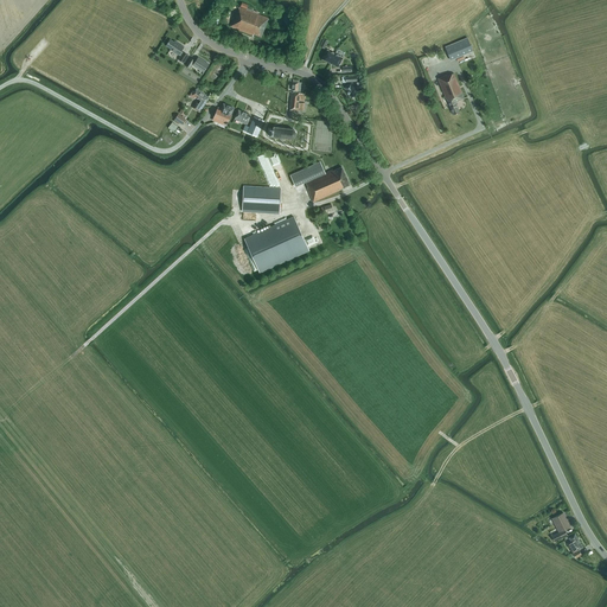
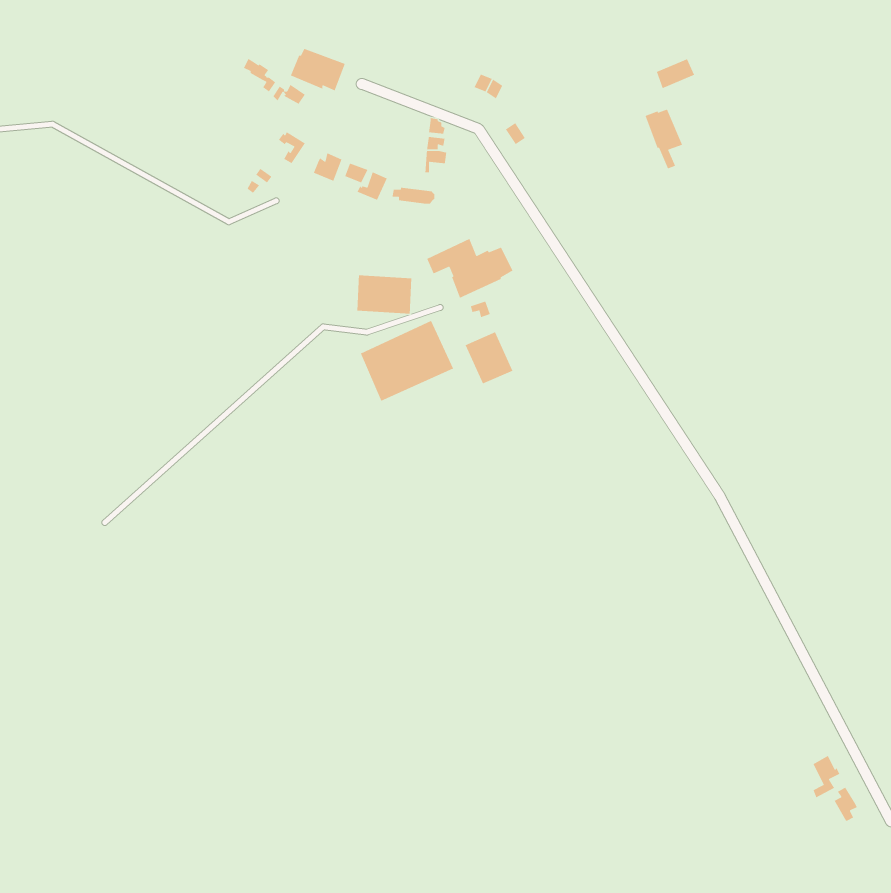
building: [229,7,267,37] -> [290,48,346,92]
building: none -> [465,331,514,385]

